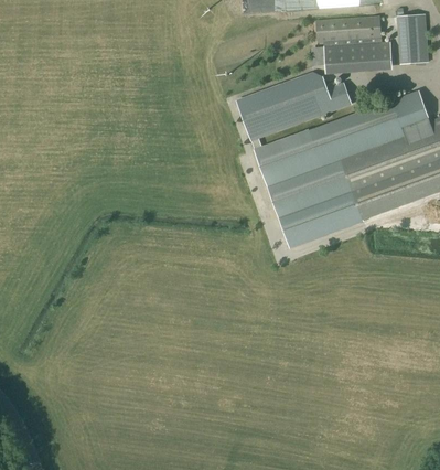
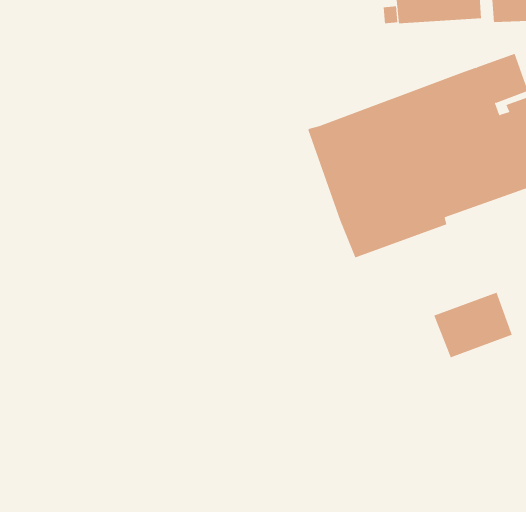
building: [237,73,352,149] -> none
building: none -> [433,292,512,358]

